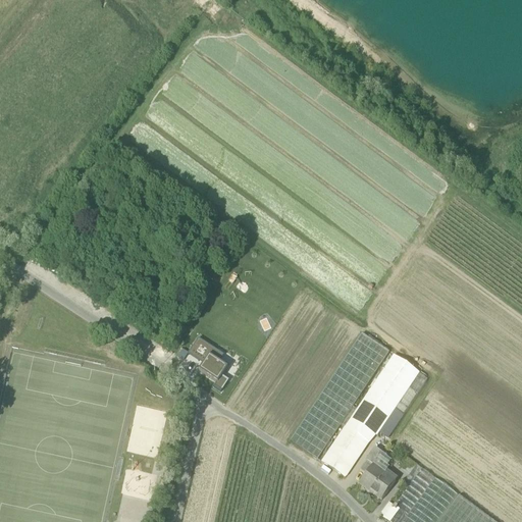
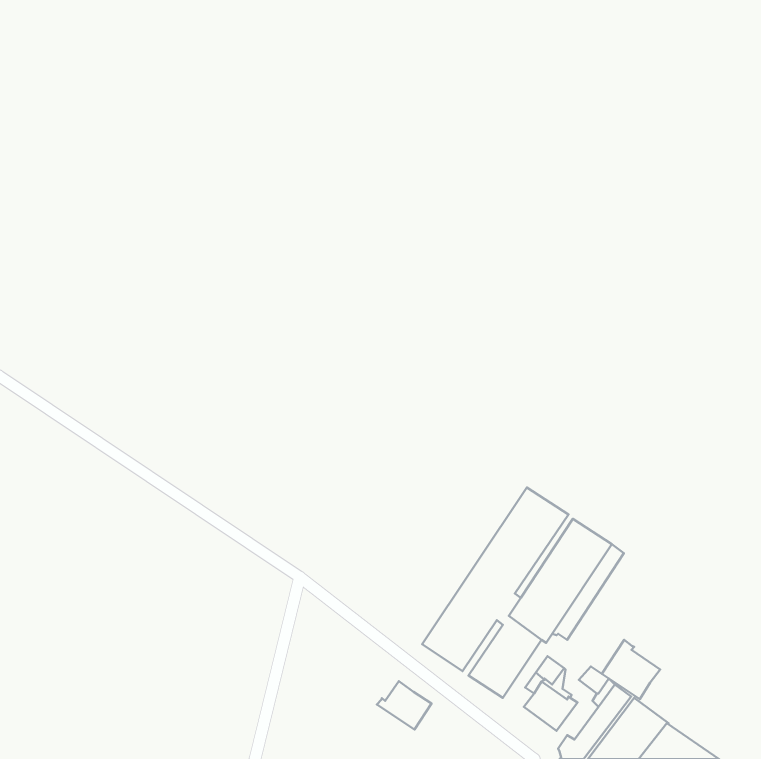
building: [189,337,230,387] -> none
building: none -> [602,640,660,699]
building: none -> [377,681,432,729]

